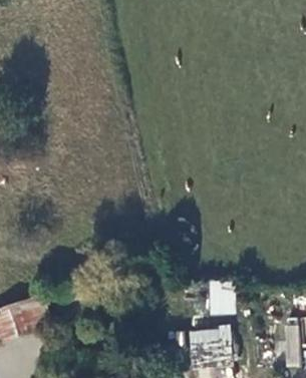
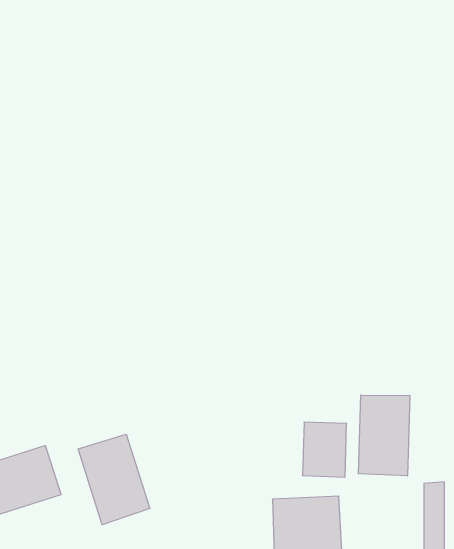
building: none -> [359,395,410,476]
building: none -> [78,434,150,525]

